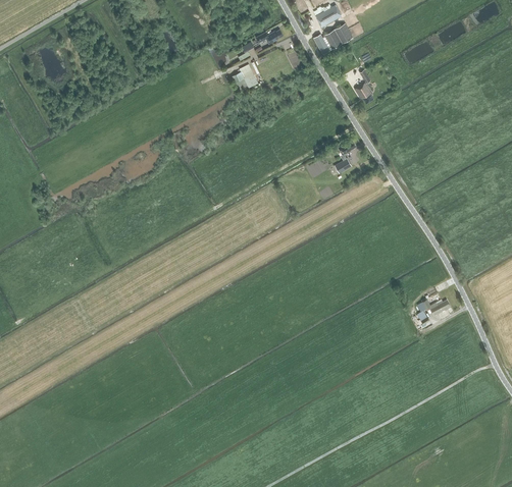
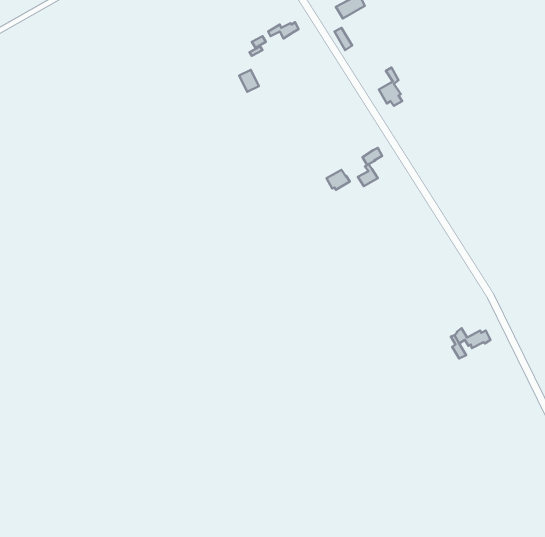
building: [324,22,353,48] -> none

